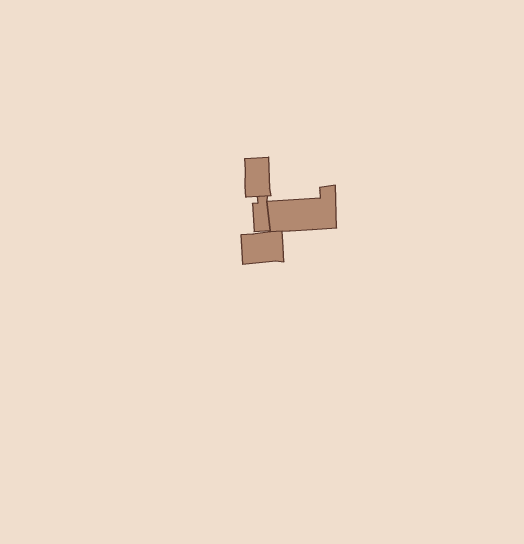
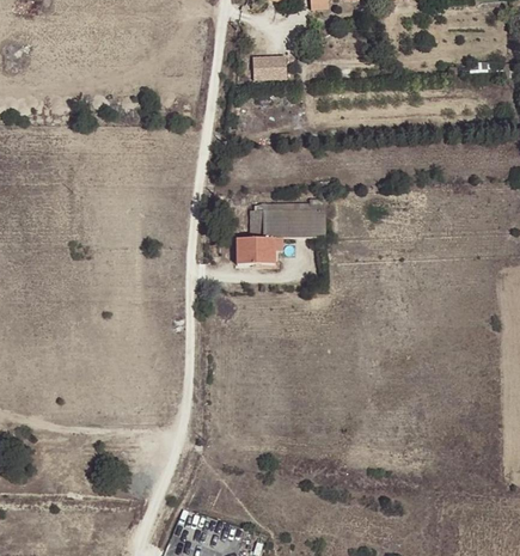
building: none -> [255,53,289,79]
building: [245,157,271,197] -> none

